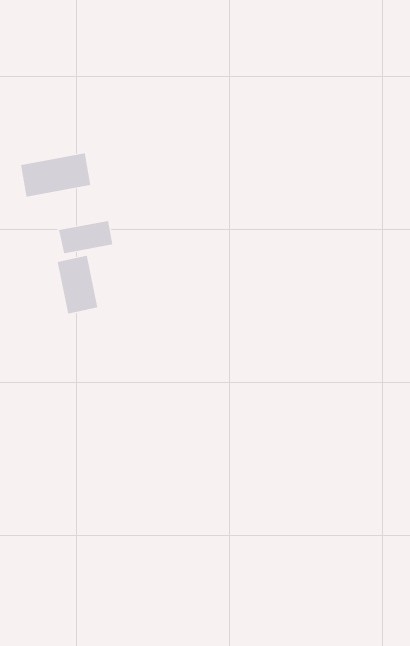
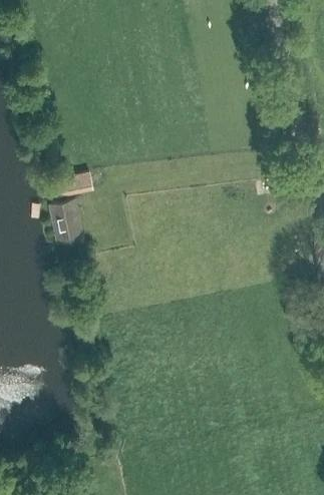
building: [21,152,91,197] -> none

